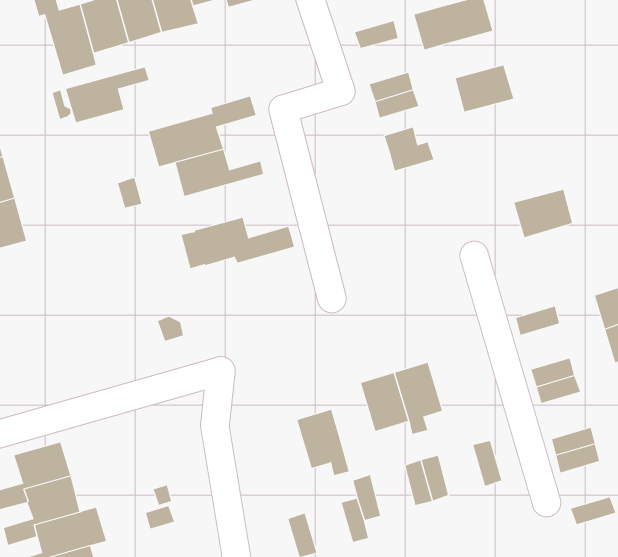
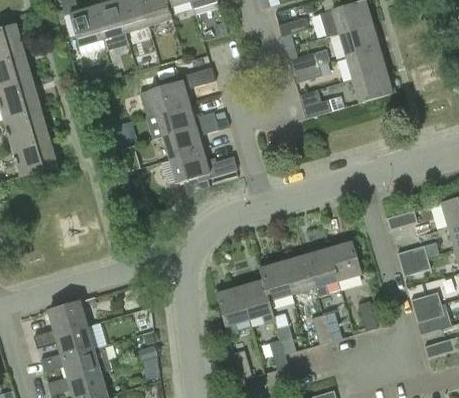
building: none -> [339,24,379,56]
building: [65,67,149,123] -> [163,121,220,159]
building: [514,189,573,238] -> [352,70,392,103]
building: none -> [328,241,362,281]
building: none -> [258,262,292,301]
building: none -> [216,287,249,336]

